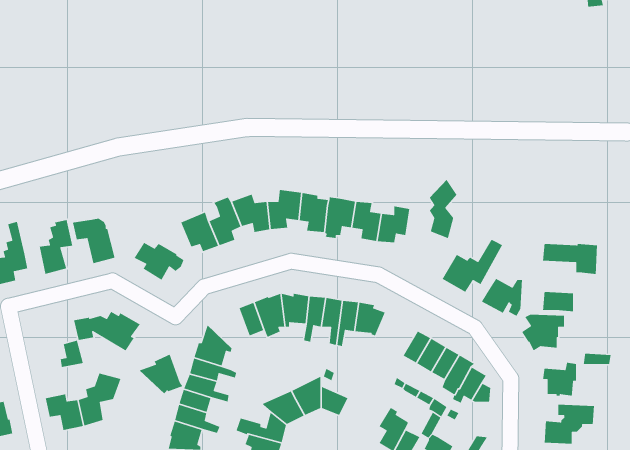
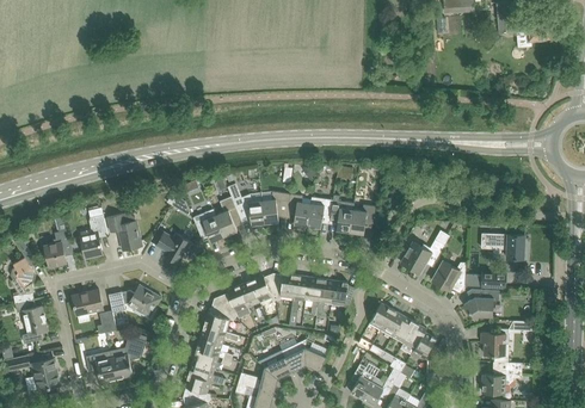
building: [429,179,458,239] -> none
building: none -> [72,290,103,315]
building: [139,354,184,394] -> [214,285,250,317]

